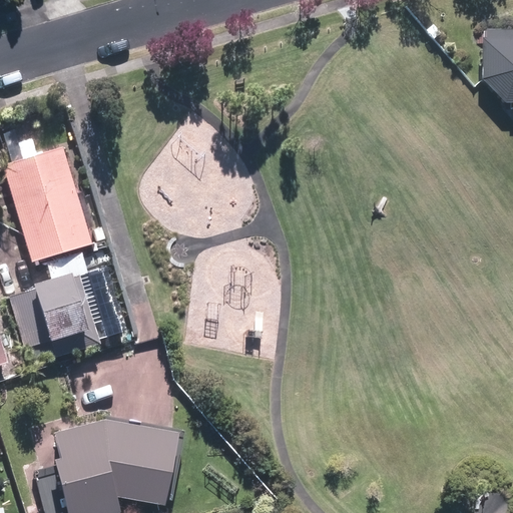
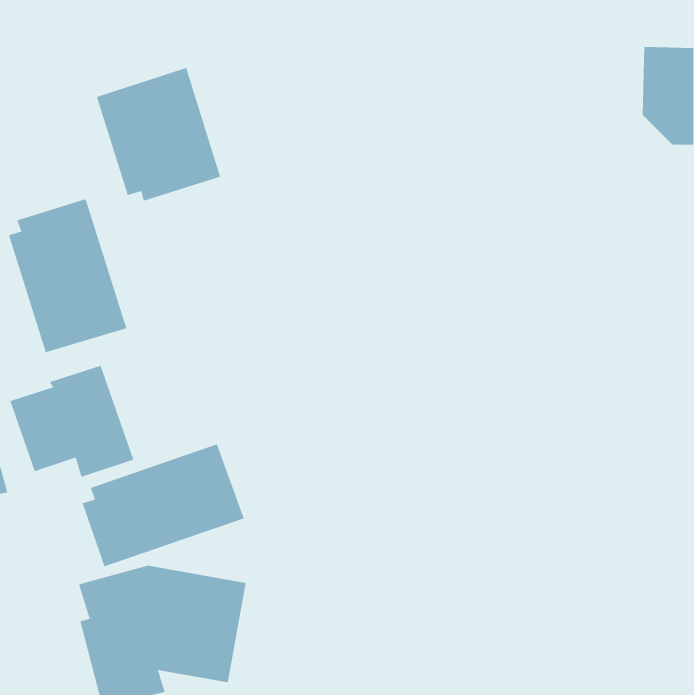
building: none -> [96,67,221,201]
building: none -> [82,444,245,567]

